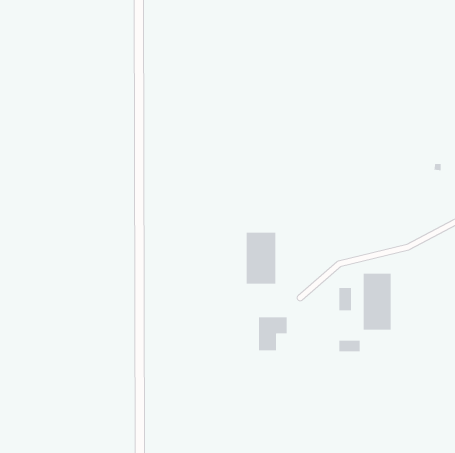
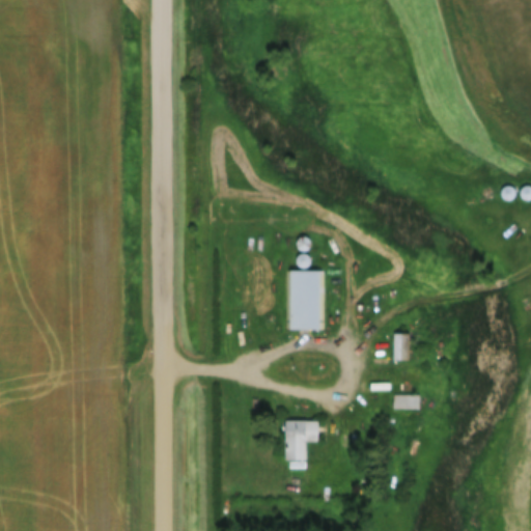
building: [363,273,391,330] -> none
building: [258,316,287,351] -> [286,421,320,462]

